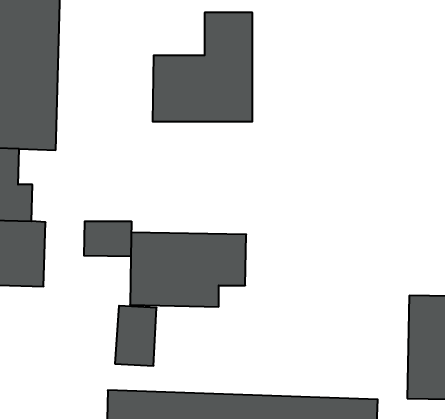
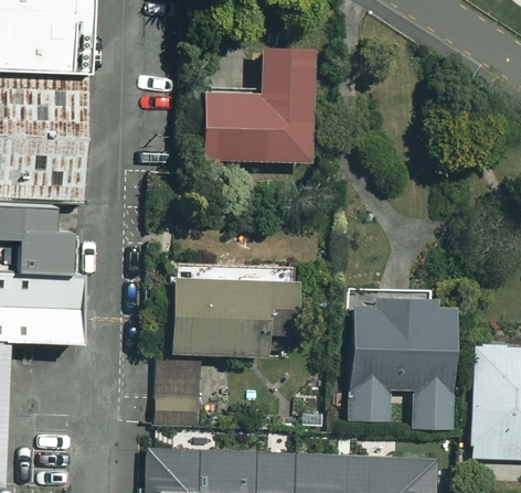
building: [84,221,131,257] -> none
building: none -> [349,298,456,430]

